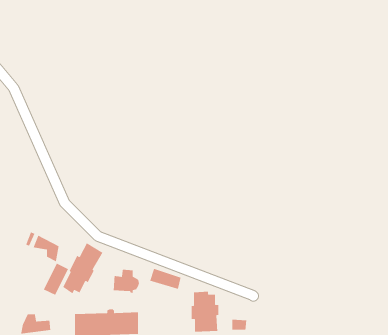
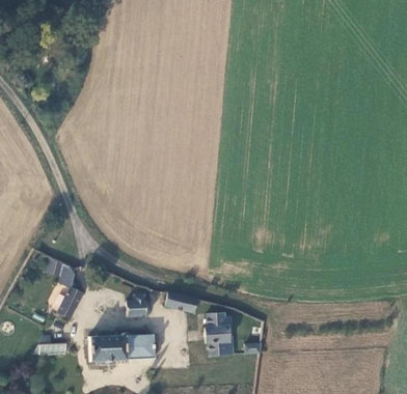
building: [62,242,103,294] -> none

